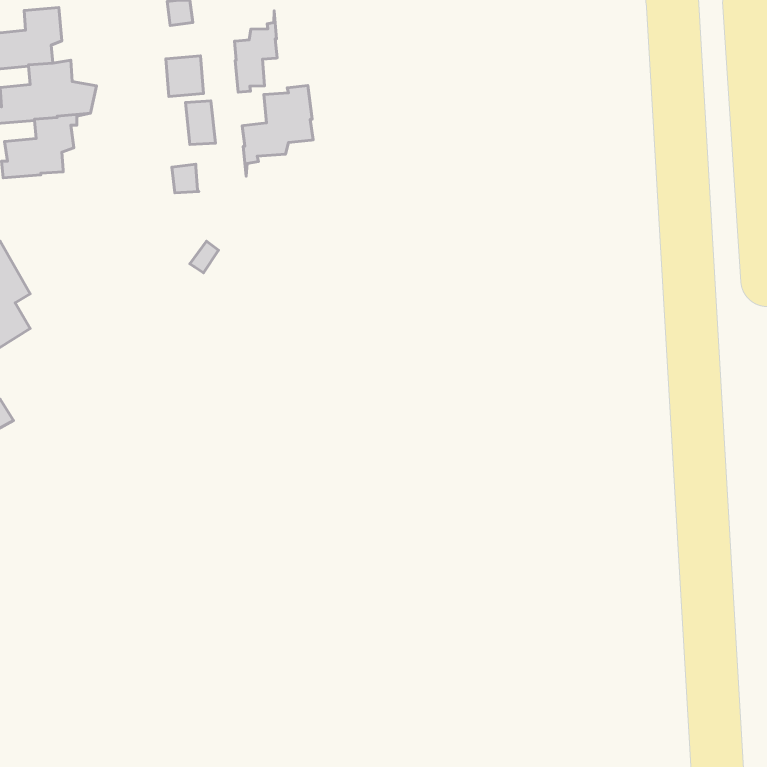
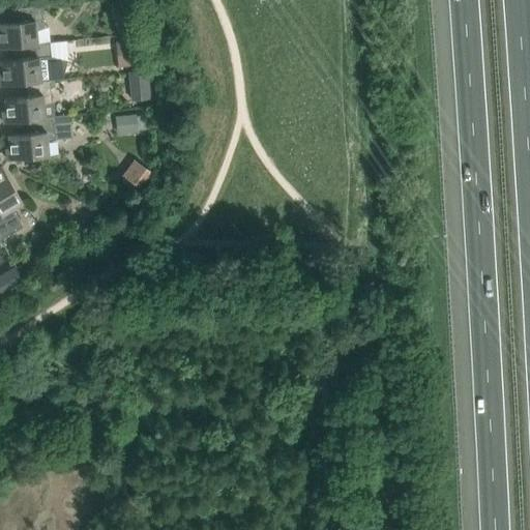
building: [234,11,277,92] -> none
building: [242,85,313,176] -> none
building: none -> [5,117,70,161]

